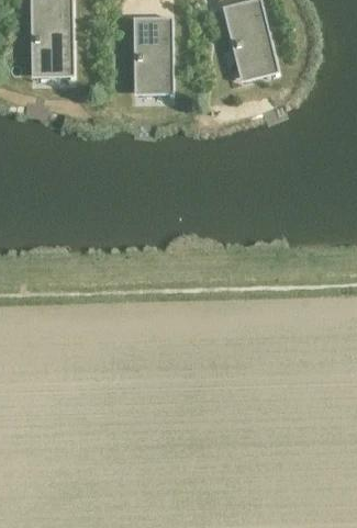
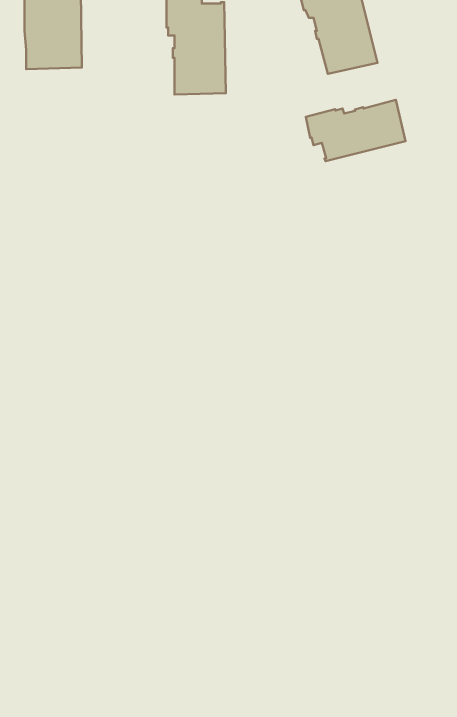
building: none -> [306,100,405,161]

